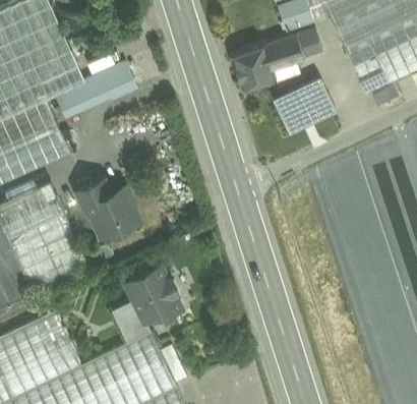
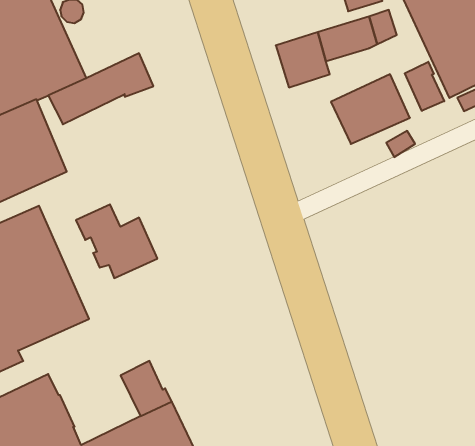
building: none -> [405,62,444,111]
building: [125,265,182,322] -> none

